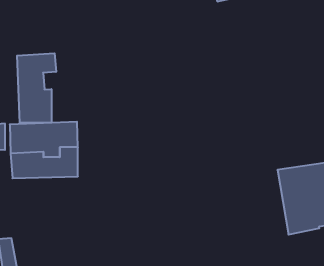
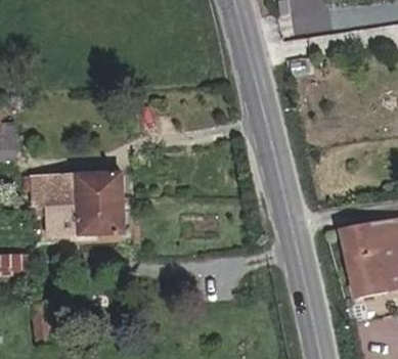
building: [17,53,56,123] -> none

